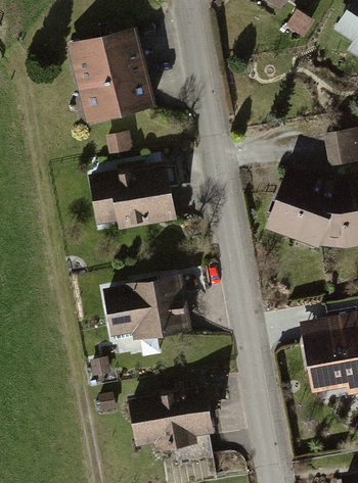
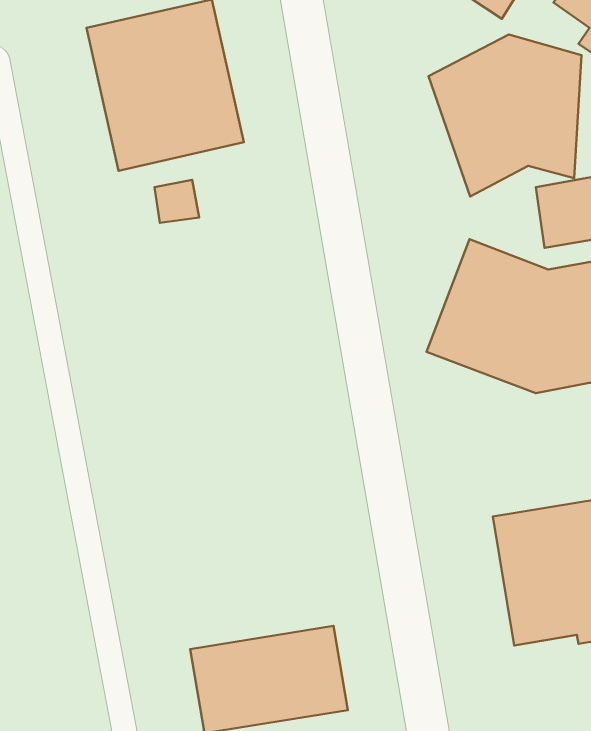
building: none -> [429,34,581,197]
building: [87,161,179,232] -> none
building: [102,272,196,344] -> none

